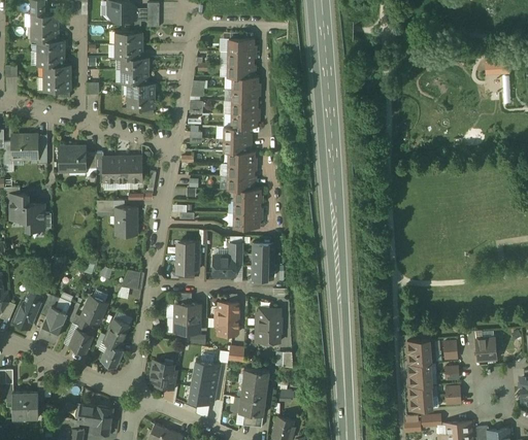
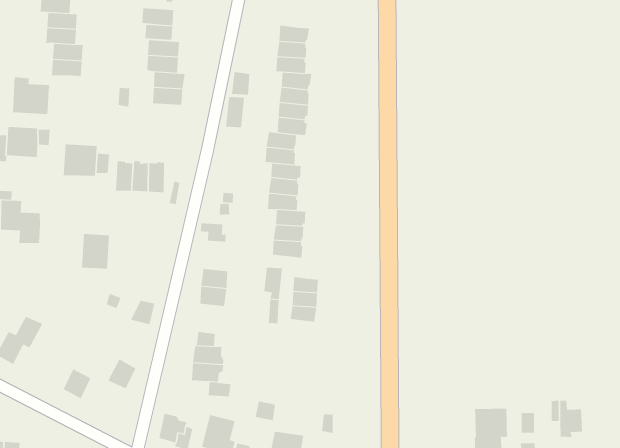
building: none -> [12,77,50,115]
building: [116,207,137,235] -> [81,234,110,269]
building: [213,257,235,276] -> none
building: [39,295,64,339] -> none
building: [77,298,106,336] -> none
building: [214,302,239,337] -> none
building: [256,310,280,345] -> none
building: [101,337,124,367] -> none

